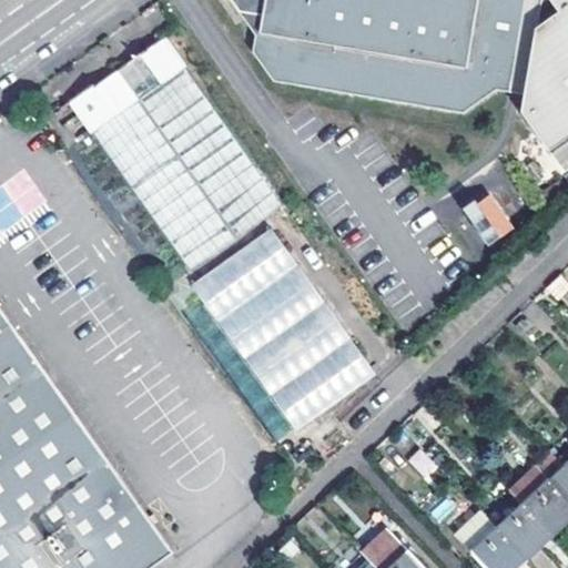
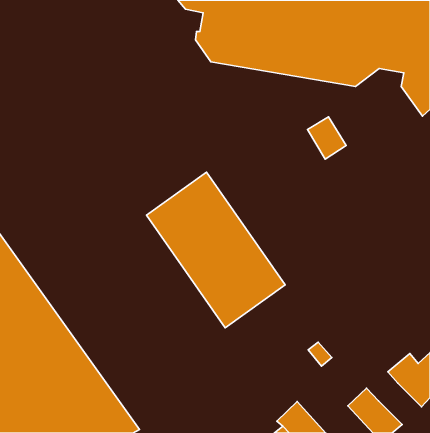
building: [64,36,281,271] -> none
building: [460,191,511,246] -> [307,117,346,159]
building: [496,501,552,556] -> none

